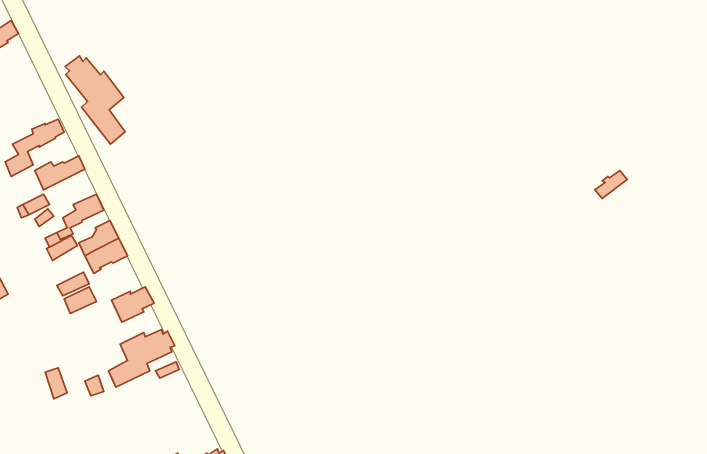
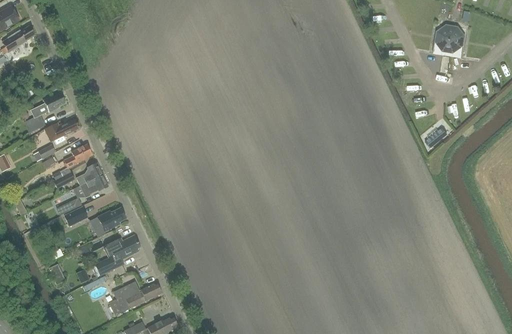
building: none -> [432,22,464,54]
building: [65,56,125,144] -> none
building: none -> [107,283,160,315]

